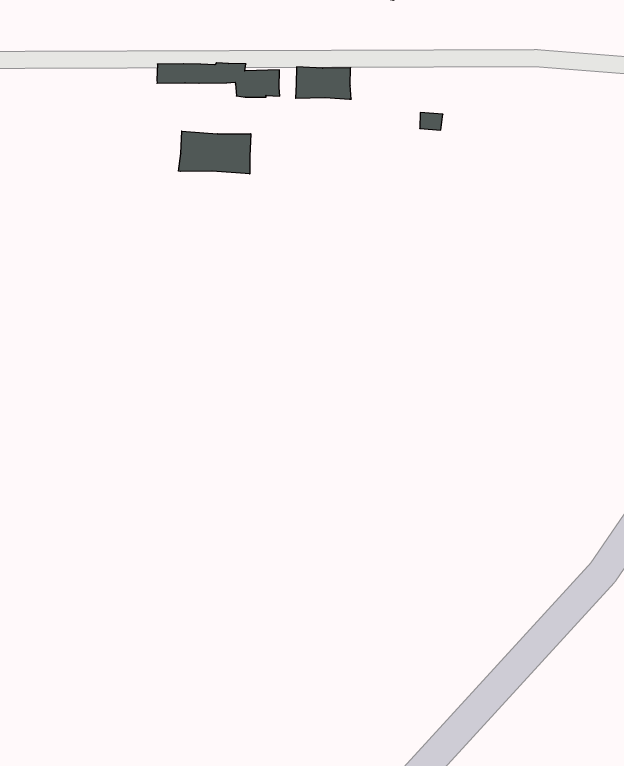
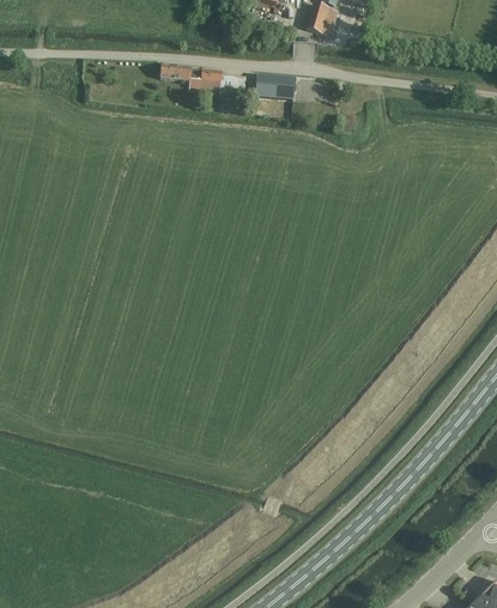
building: [179,131,251,174] -> none

